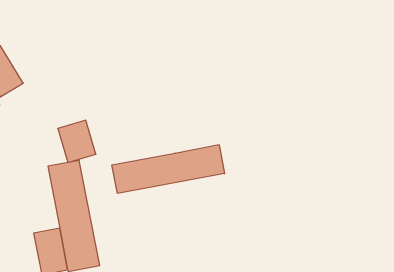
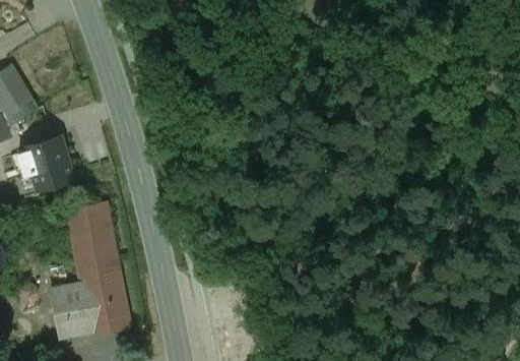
building: [58,120,96,163] -> [25,137,71,188]
building: [112,145,225,193] -> none

